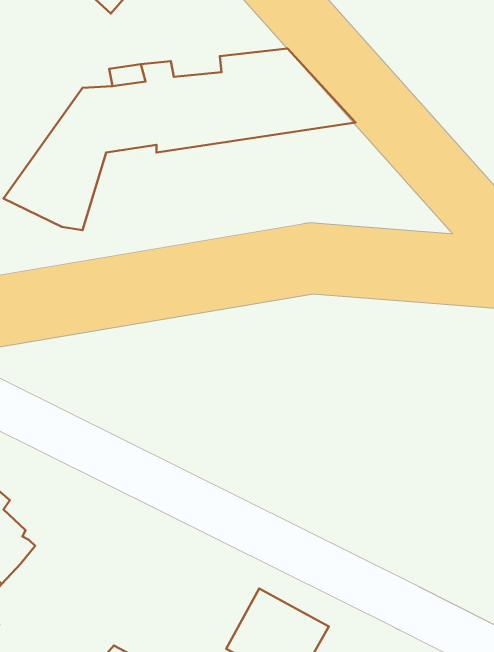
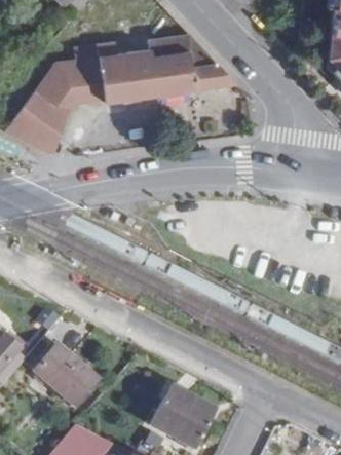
building: none -> [34,342,97,403]

